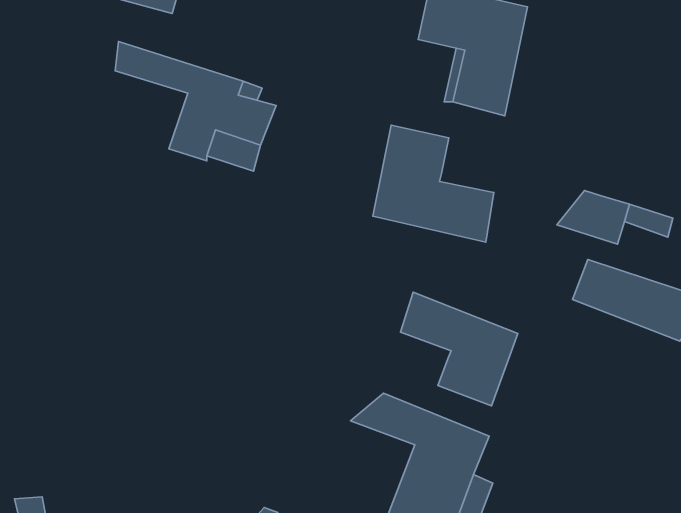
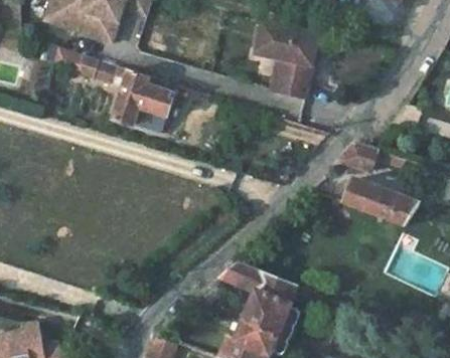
building: [373,125,494,242] -> none
building: [401,292,518,406] -> none

